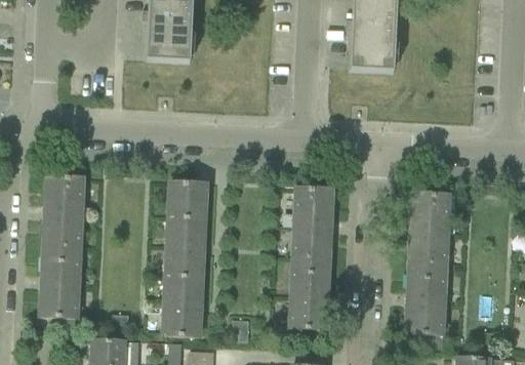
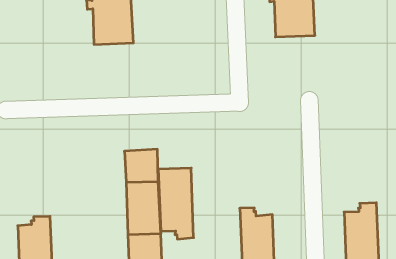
building: [43,175,83,254] -> none
building: [292,187,332,267] -> [158,168,194,239]
building: [408,193,448,272] -> none

